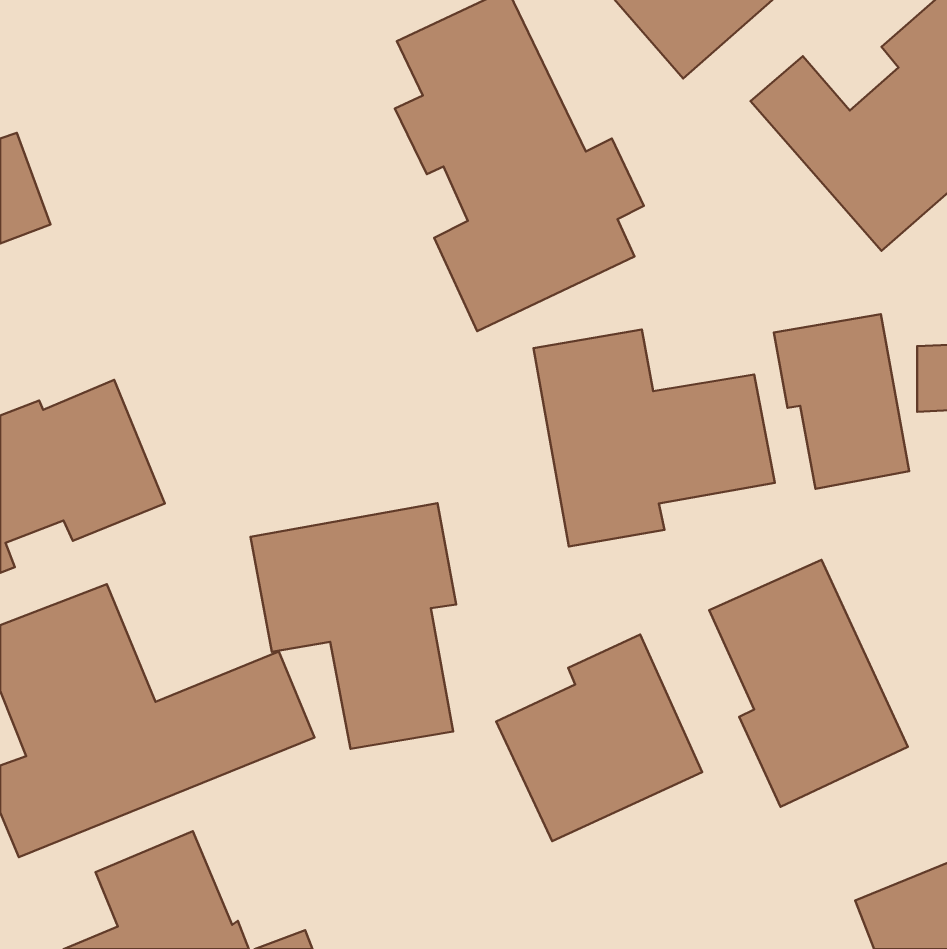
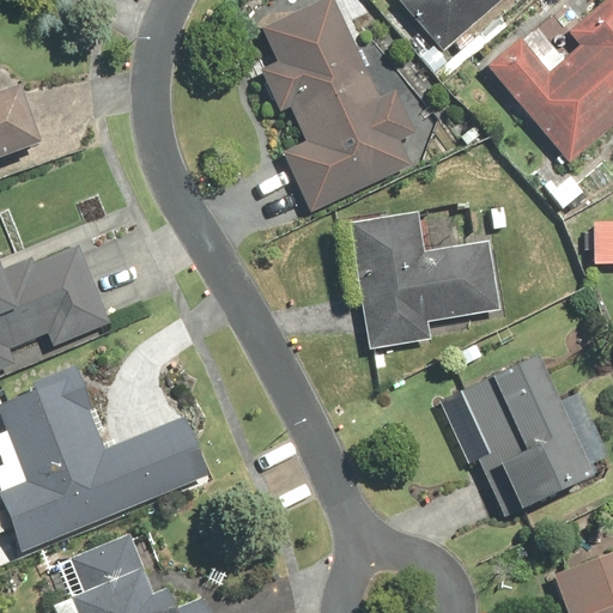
building: [774,314,909,489] -> none
building: [250,503,456,749] -> none
building: [496,635,702,841] -> none

